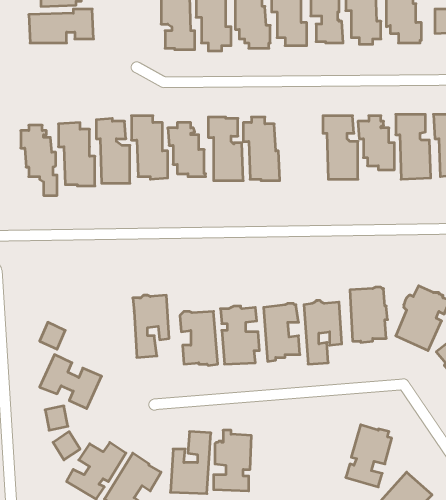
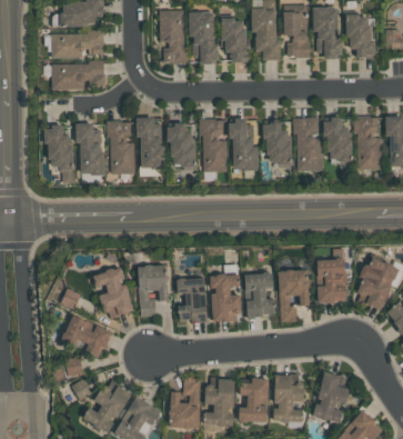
building: none -> [52,59,104,88]
building: none -> [262,121,291,164]
building: none -> [91,267,133,319]
building: none -> [273,372,303,421]
building: none -> [238,378,268,422]

